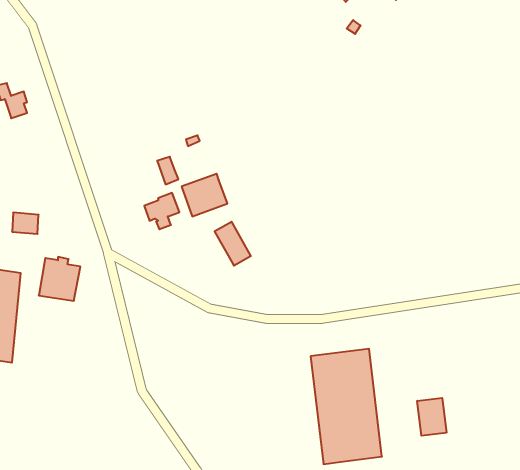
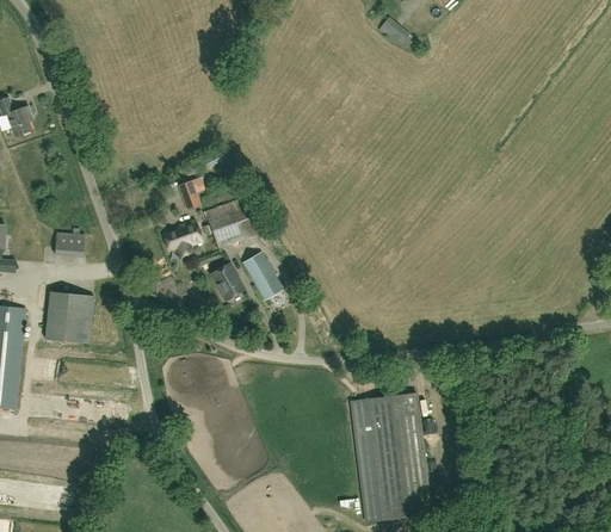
building: [12,213,39,234] -> [55,233,85,256]
building: none -> [211,262,245,299]
building: [417,398,446,436] -> none

